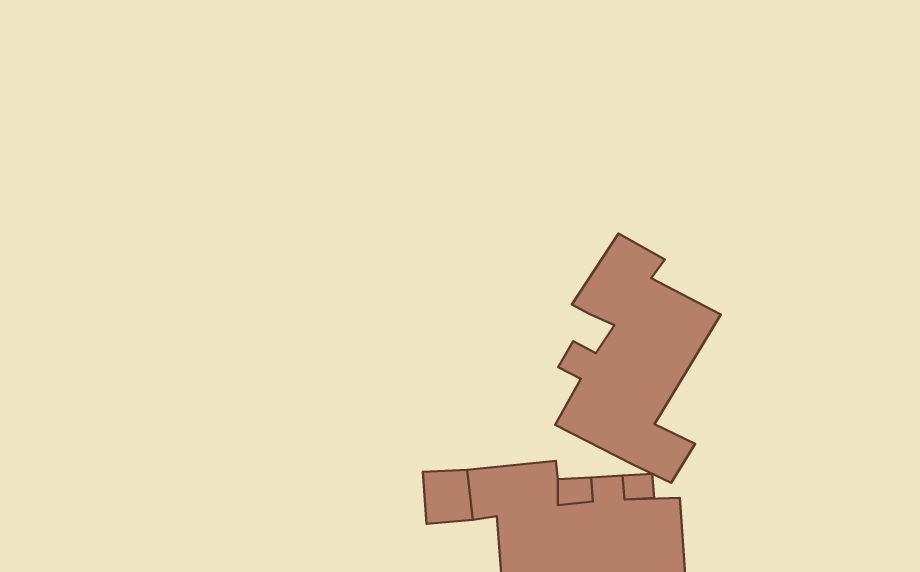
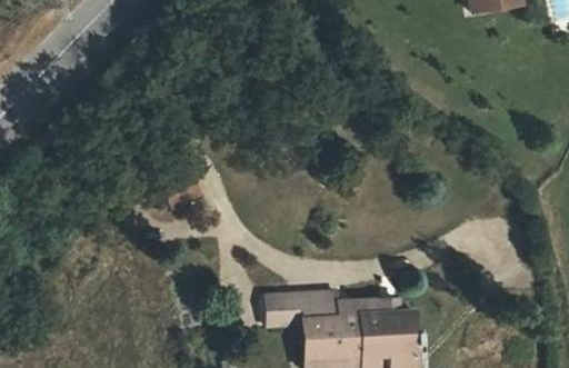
building: [555,234,721,483] -> none

